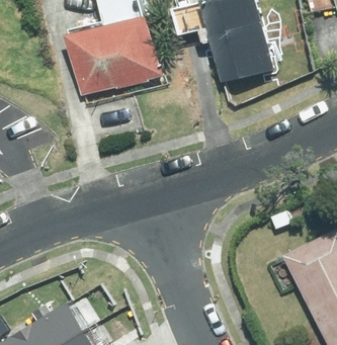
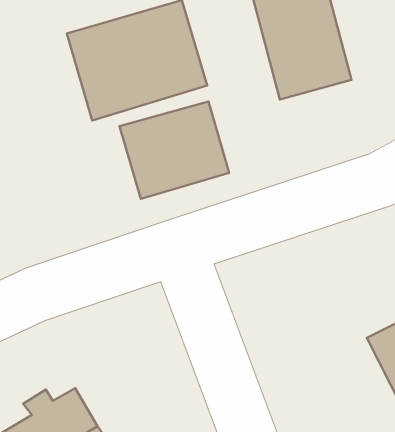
building: none -> [119,101,229,199]

